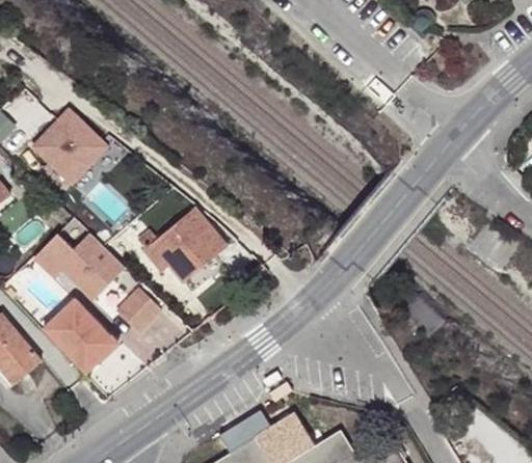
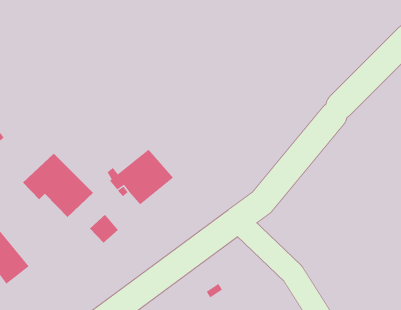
building: [32,107,108,183] -> none
building: [42,298,117,374] -> none

